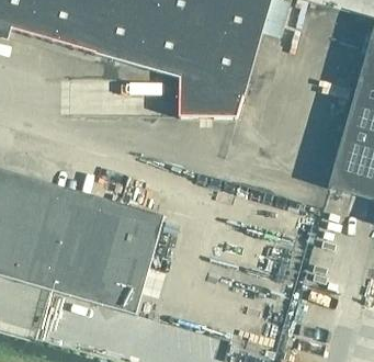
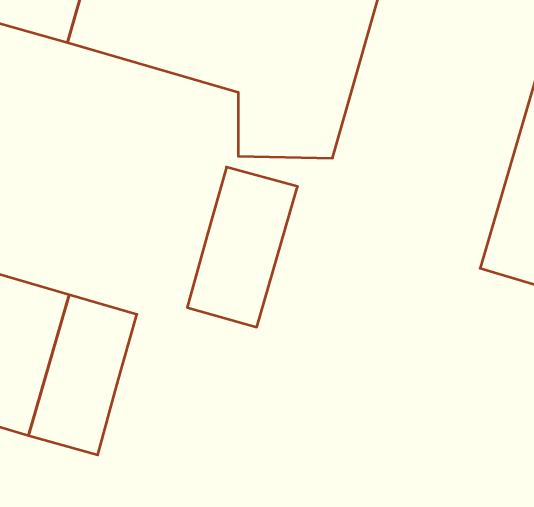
building: [92,213,160,312] -> [187,167,298,327]

